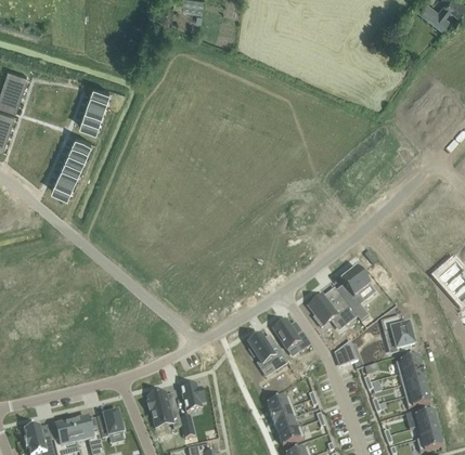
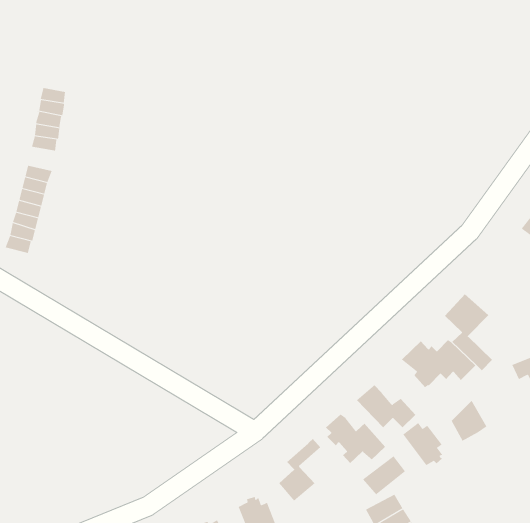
building: none -> [279,438,321,501]
building: none -> [403,422,443,466]

